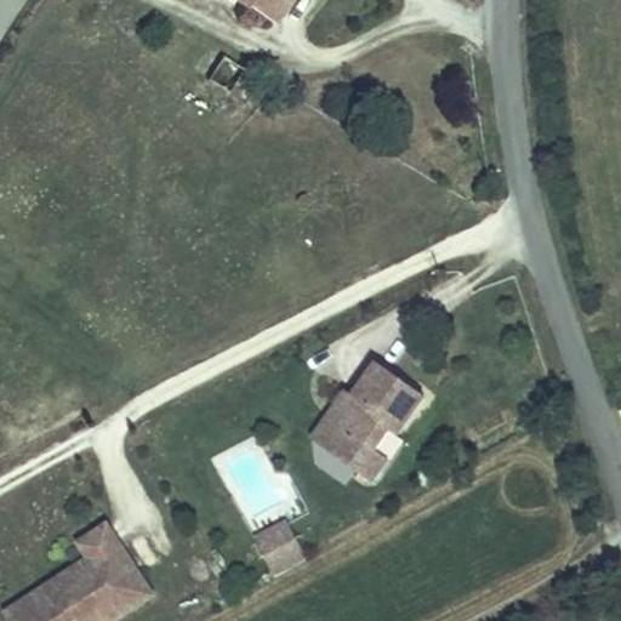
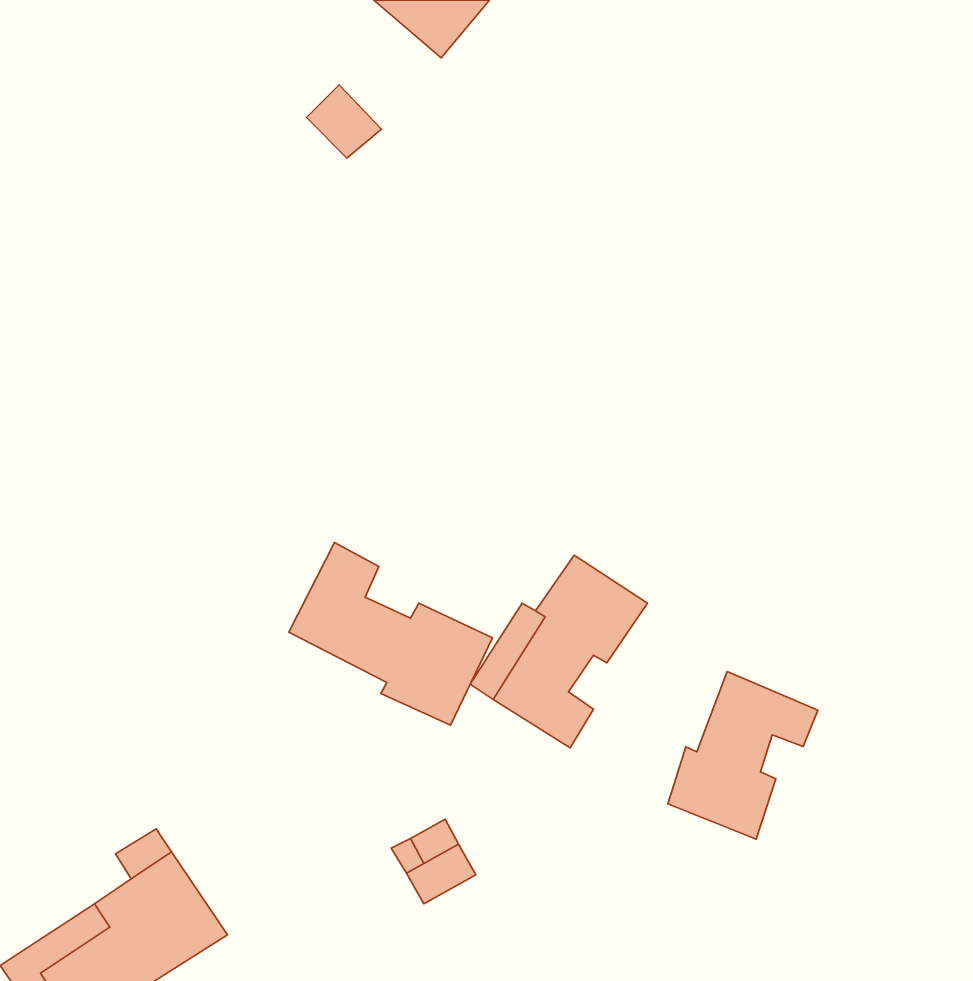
building: none -> [289,543,492,725]
building: none -> [668,672,818,839]

